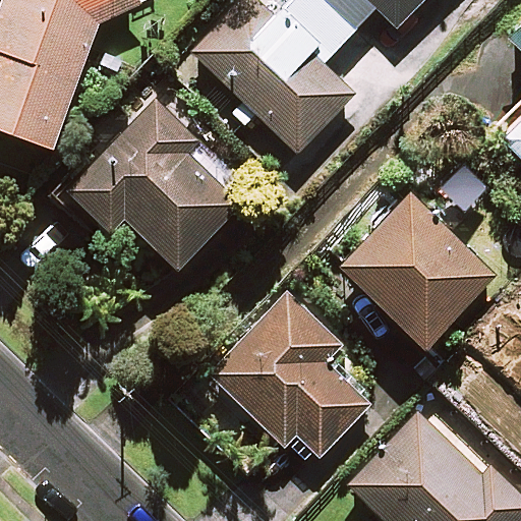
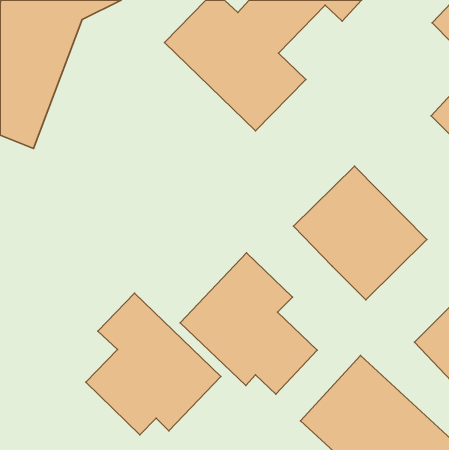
building: [65,97,238,267] -> none
building: none -> [86,293,221,435]

